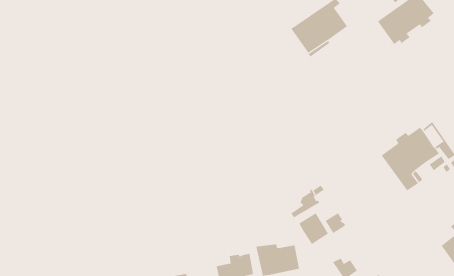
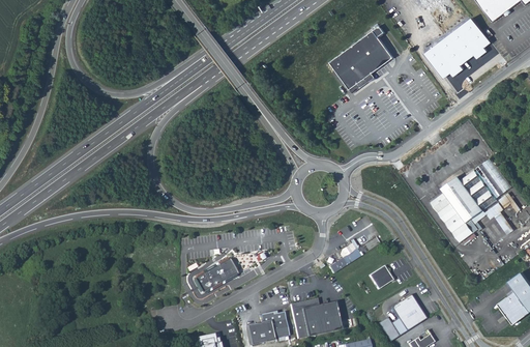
building: none -> [189,260,233,294]
building: [299,212,329,245] -> [389,295,423,331]

